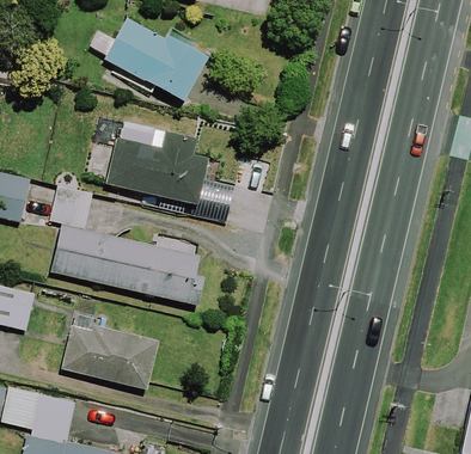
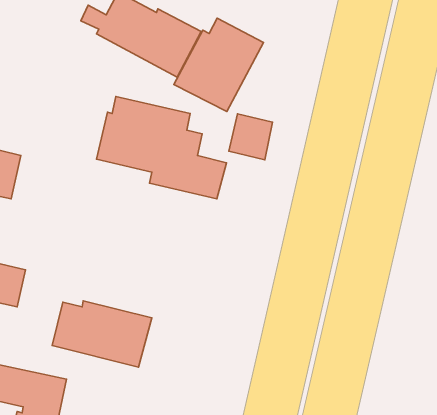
building: none -> [174,18,263,112]
building: none -> [229,114,273,160]
building: [50,185,207,305] -> none

